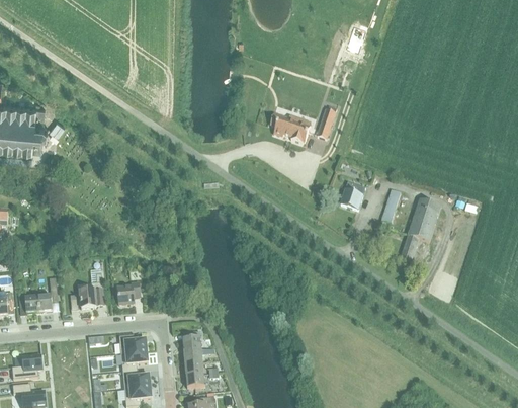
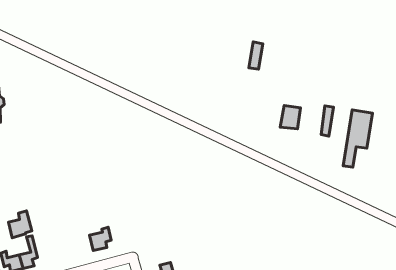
building: [273,114,310,142] -> none
building: [79,281,102,308] -> [9,211,32,238]

